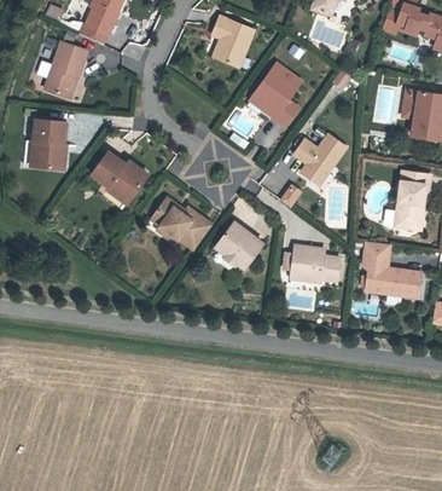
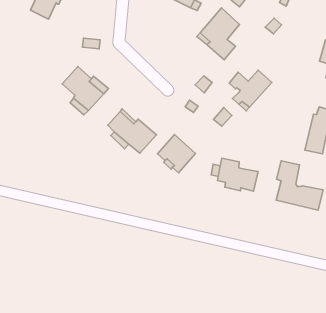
building: [30,120,65,168] -> none

